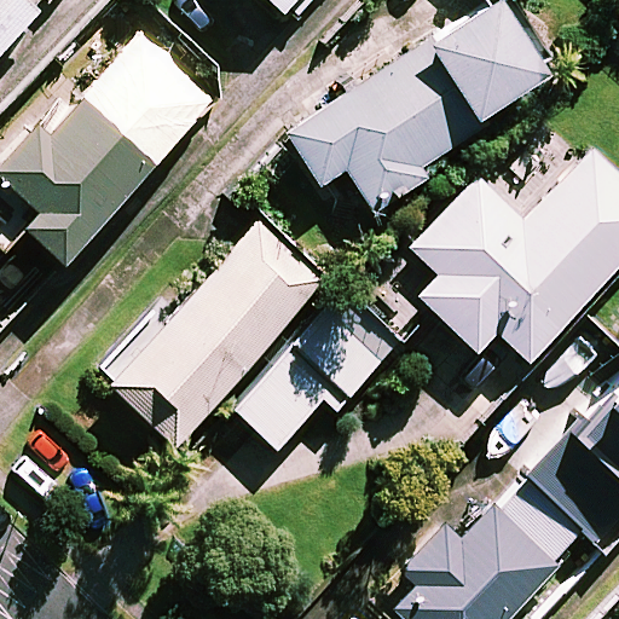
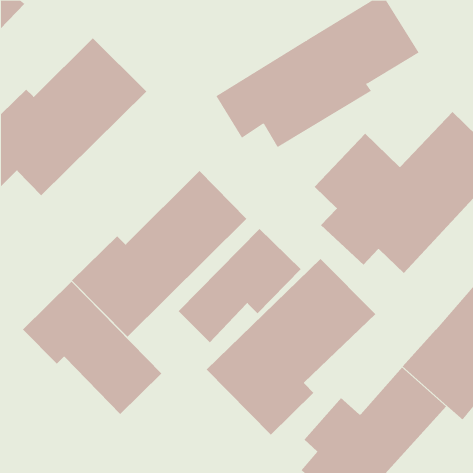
building: none -> [206,258,376,436]
building: none -> [22,281,162,415]

